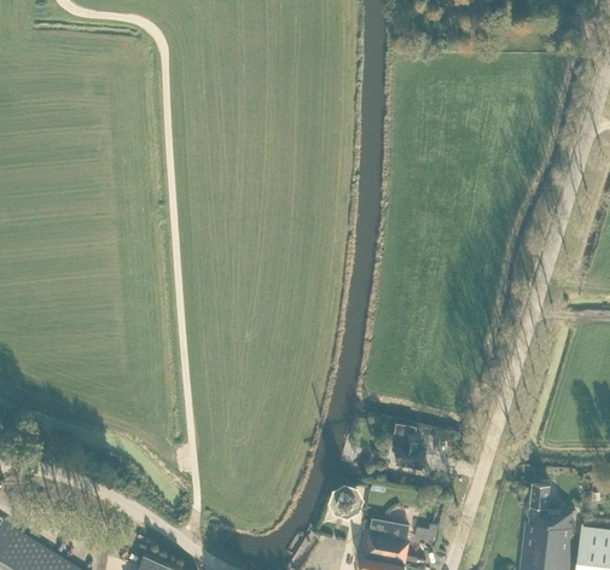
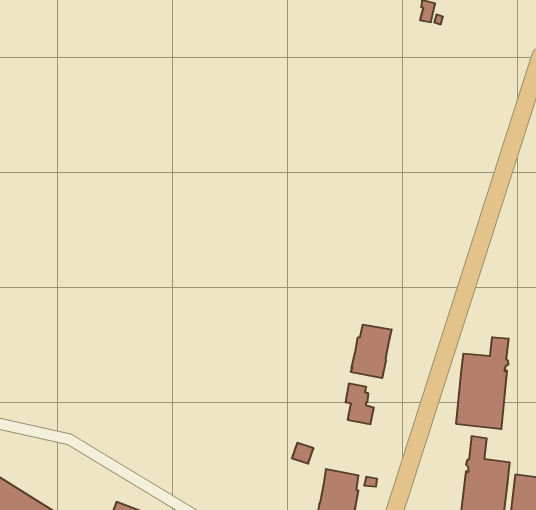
building: none -> [351,325,392,378]
building: none -> [456,337,508,429]

